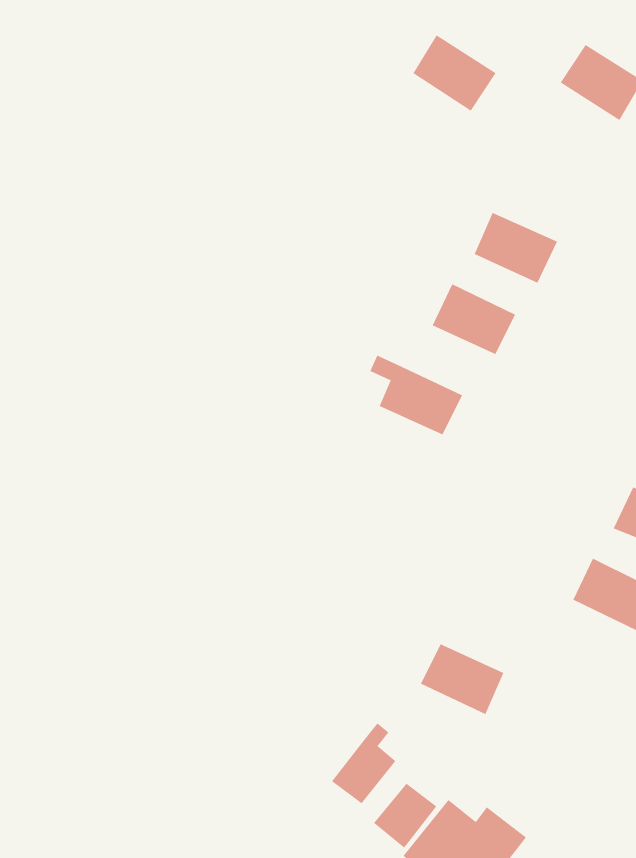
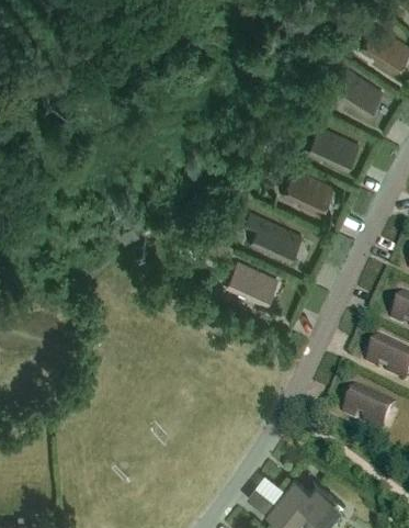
building: [413,35,497,111] -> [332,71,383,117]
building: none -> [227,265,277,307]
building: [420,644,504,715] -> [344,387,395,430]
building: [331,723,396,804] -> none

